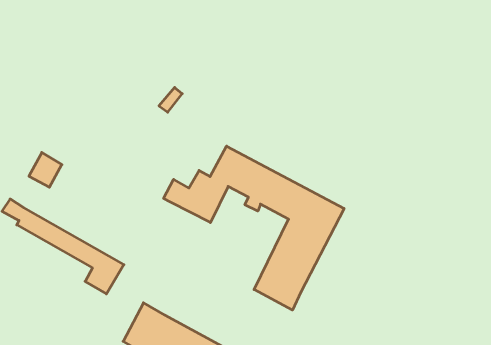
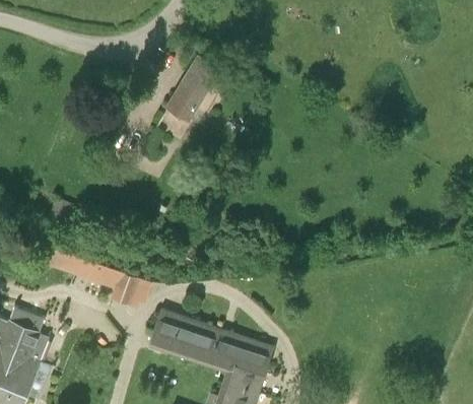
building: none -> [167,55,220,120]
building: [164,146,344,310] -> none

